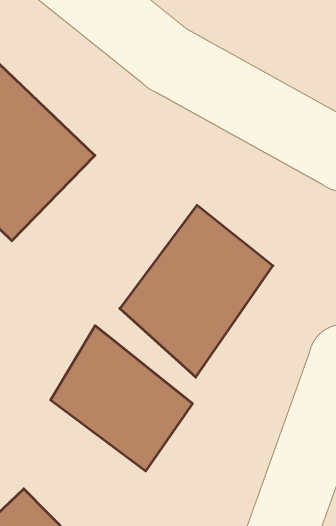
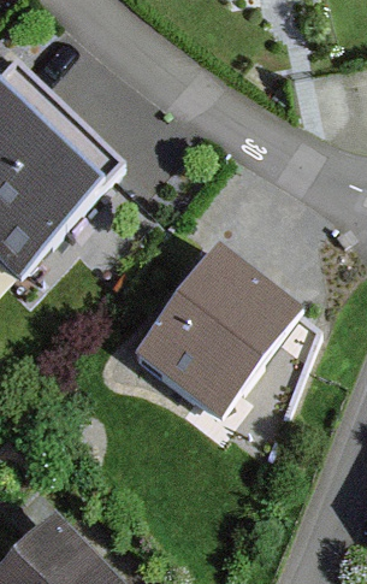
building: [51,326,192,471] -> none

